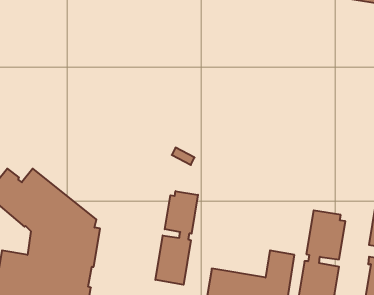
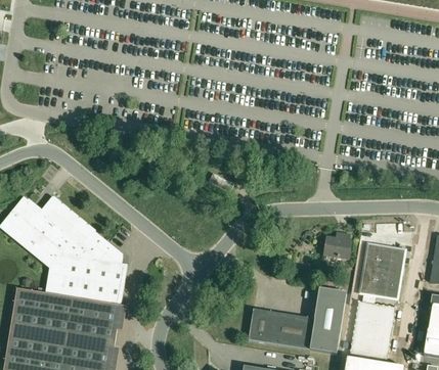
building: [155,191,198,285] -> none
building: none -> [323,232,350,259]

